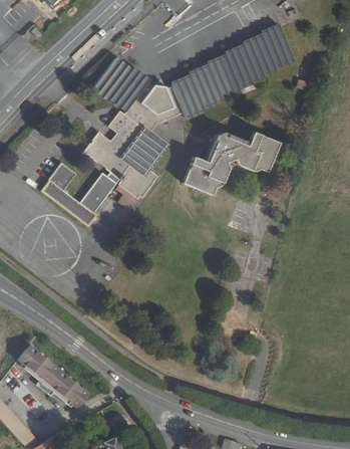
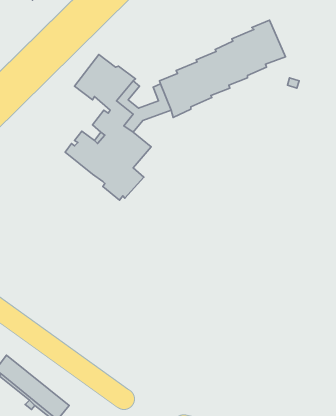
building: [144,75,173,107] -> none
building: [183,131,281,194] -> none
building: [43,161,120,224] -> none

